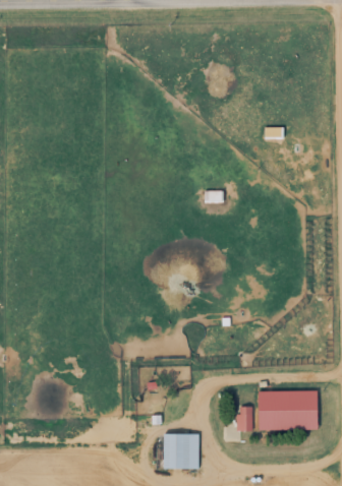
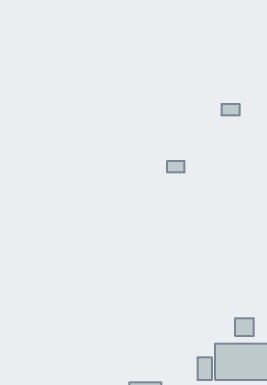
building: none -> [235,318,254,336]

